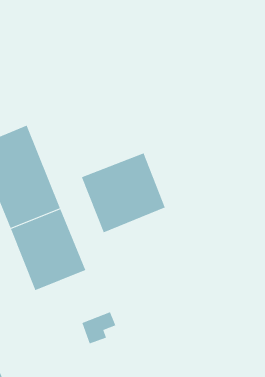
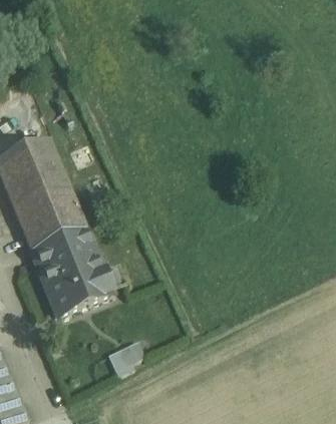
building: [81,152,166,233] -> none

